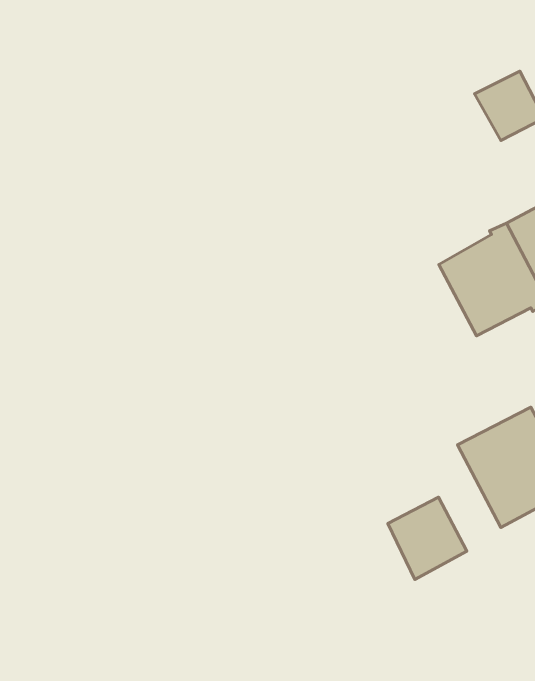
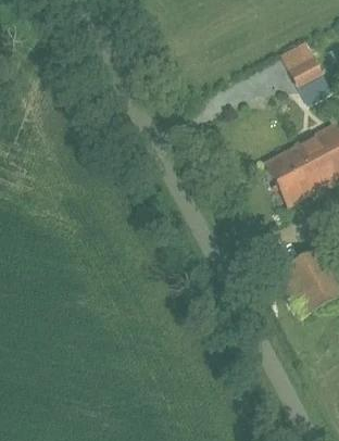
building: [388,497,467,579] -> none

